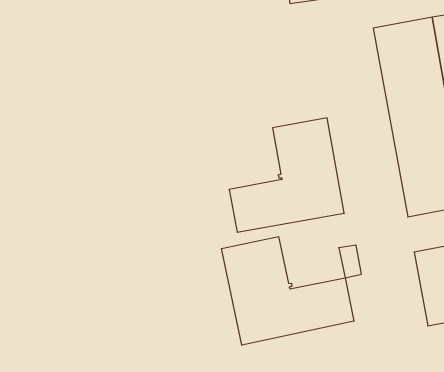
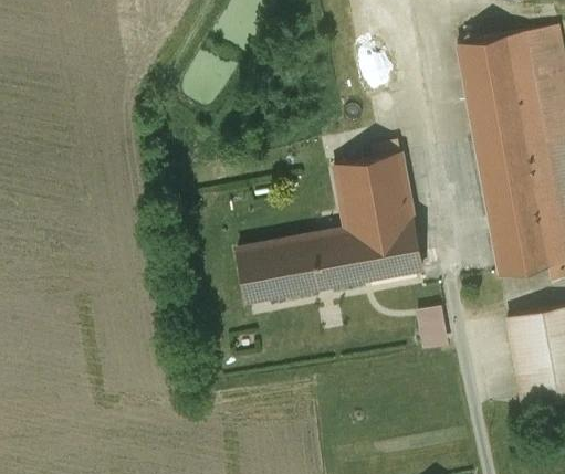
building: none -> [238,242,292,303]
building: [221,237,354,345] -> none

